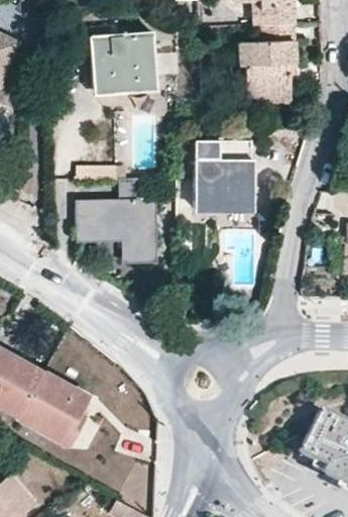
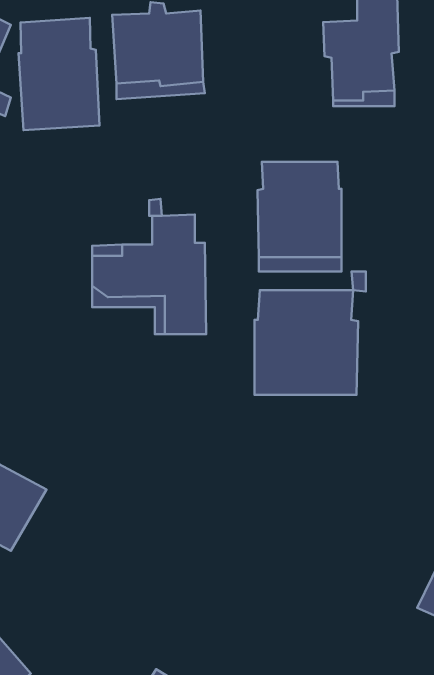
building: none -> [18,18,100,130]
building: none -> [254,290,358,395]
building: [20,372,90,443] -> none

